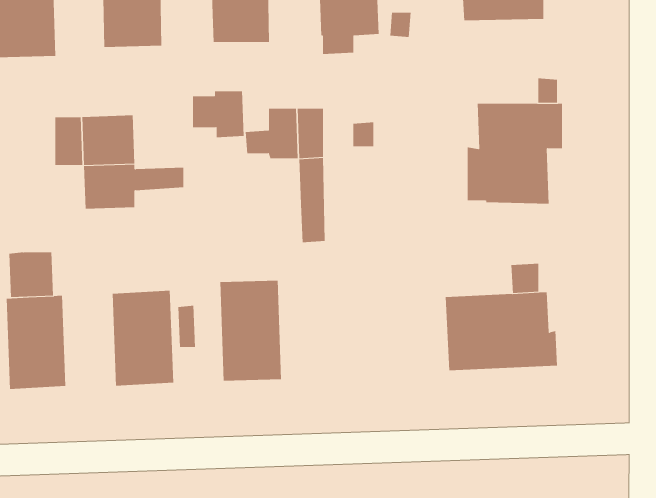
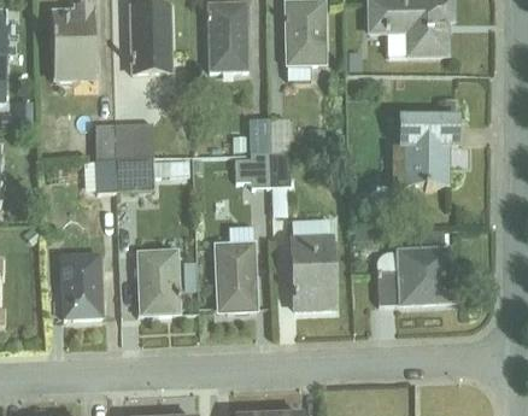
building: [192,91,244,138] -> [234,153,271,187]
building: none -> [288,217,338,311]
building: [8,252,54,297] -> [84,158,117,191]

